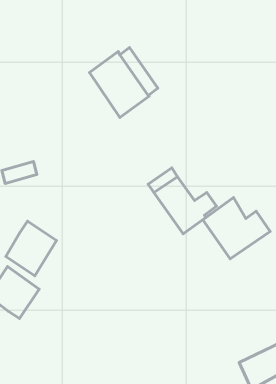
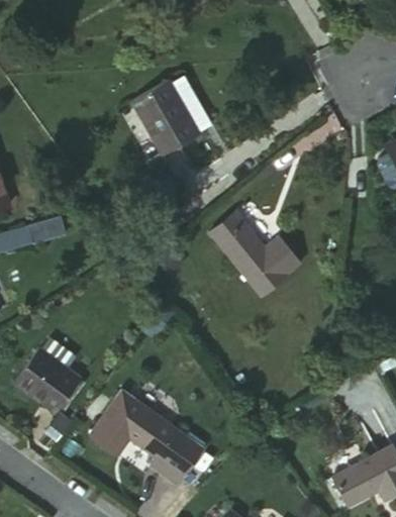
building: [203,197,270,259] -> none
building: [6,221,57,276] -> none
building: none -> [87,388,202,482]

